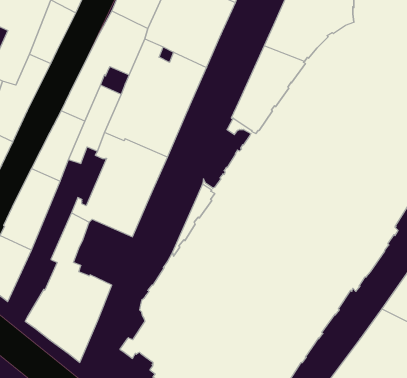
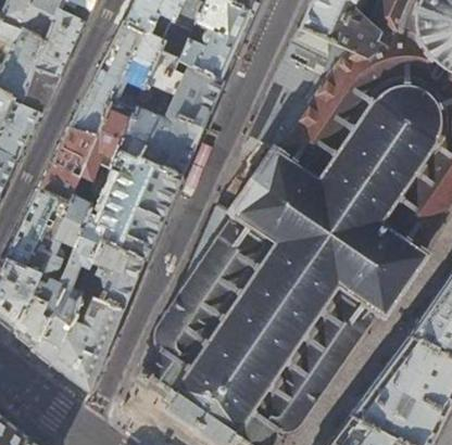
building: none -> [13,198,96,346]
building: none -> [83,243,145,313]

